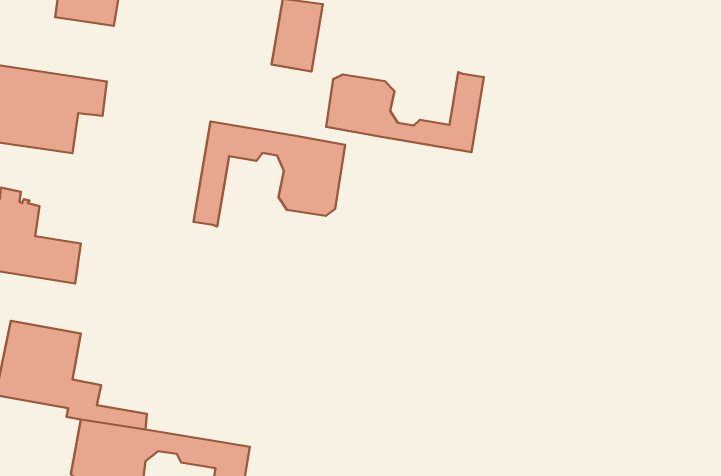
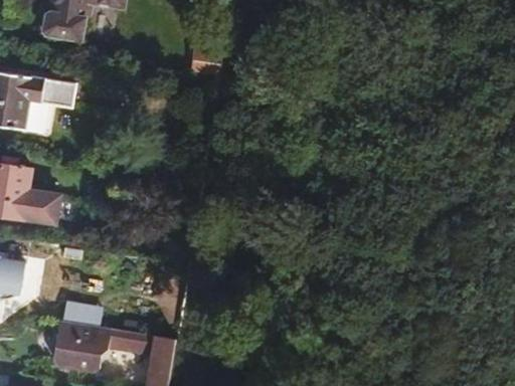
building: [326,72,484,152] -> none
building: [193,121,345,227] -> none

